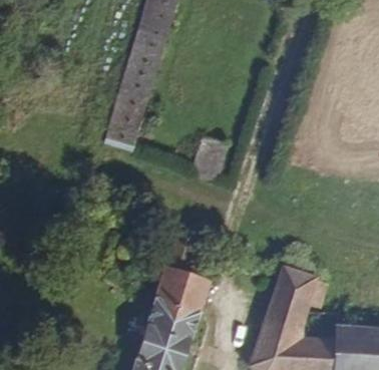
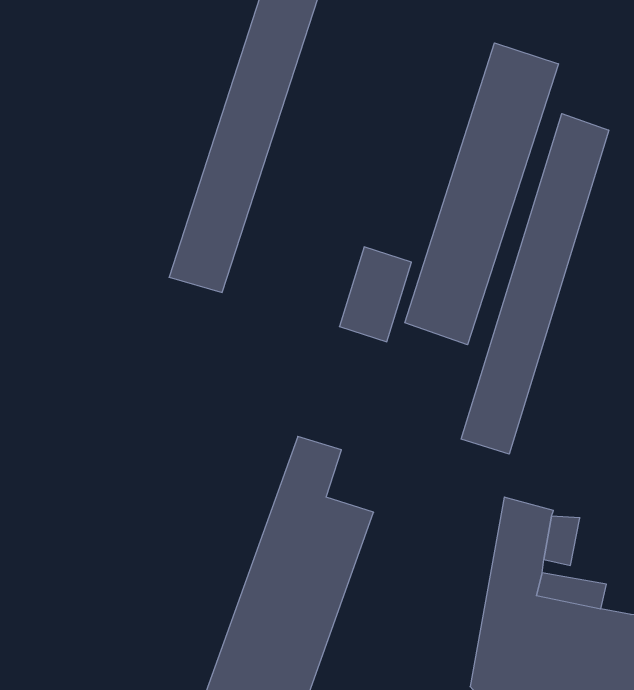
building: none -> [405,43,558,345]
building: none -> [461,114,609,454]

